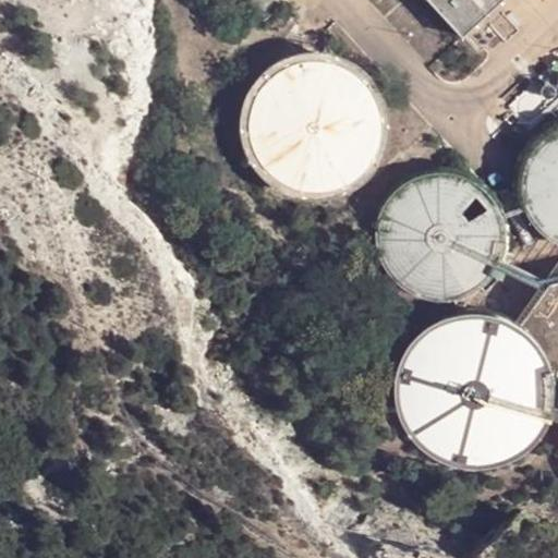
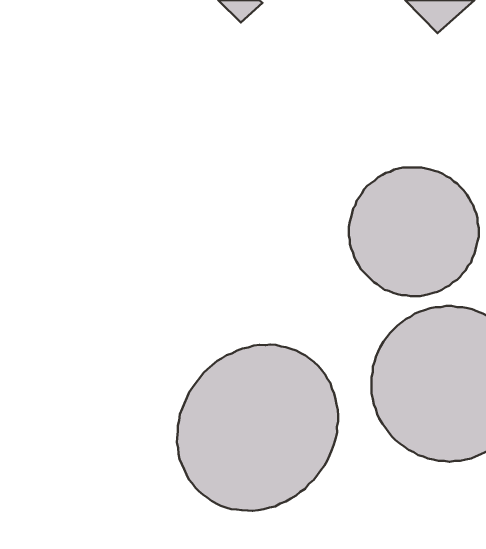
building: [244,61,381,198] -> none
building: none -> [177,345,338,511]

